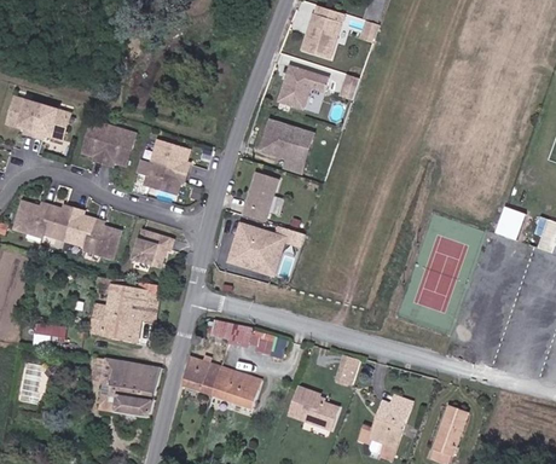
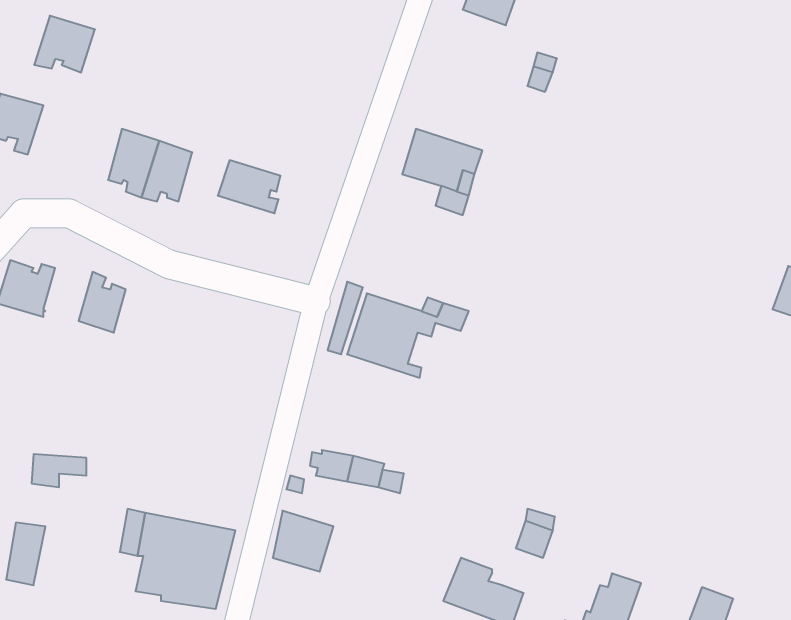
building: [278,65,328,108] -> none
building: [33,106,70,141] -> [34,16,95,73]
building: [137,160,185,195] -> none
building: [243,170,280,221] -> none
building: [42,207,73,239] -> none
building: [85,220,120,257] -> none
building: [133,234,172,269] -> none
building: [103,284,158,342] -> none
building: [213,366,260,407] -> none

